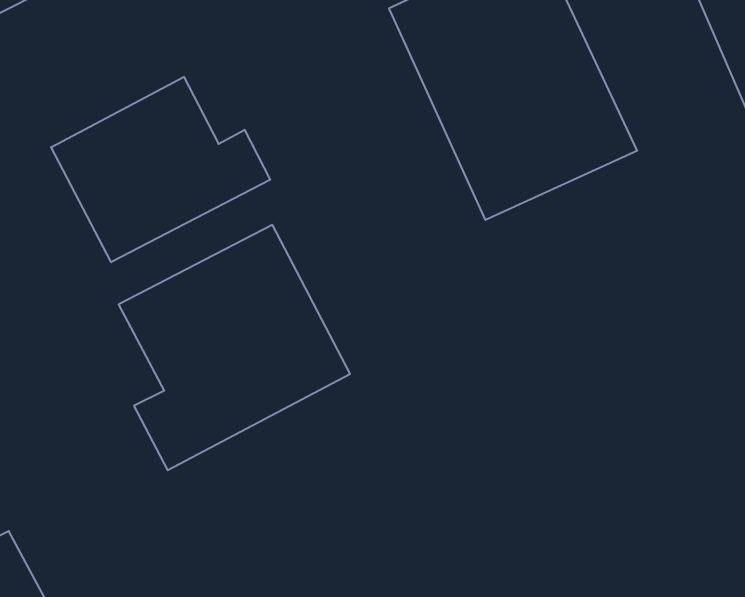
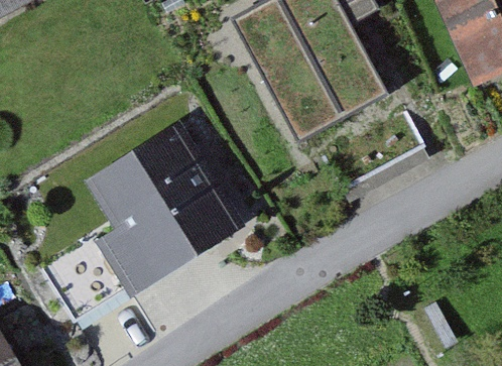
building: [51,77,270,262] -> none

